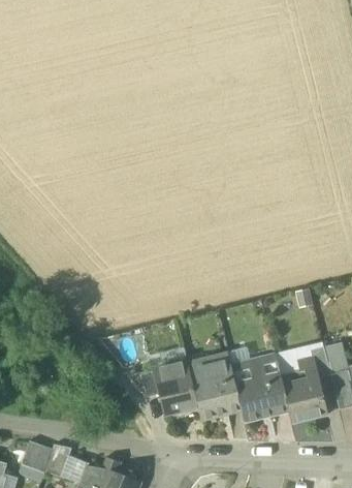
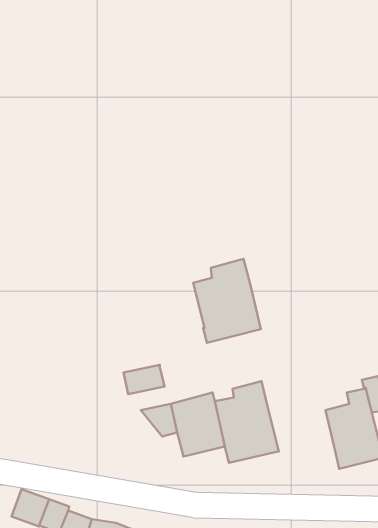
building: none -> [123,365,165,394]
building: [233,353,289,422] -> [193,259,261,343]

